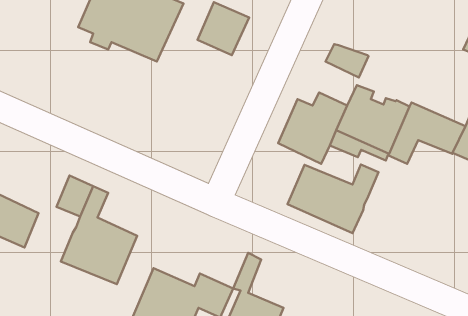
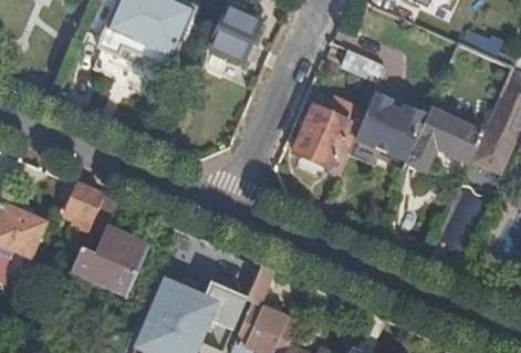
building: [288,164,379,233] -> none

